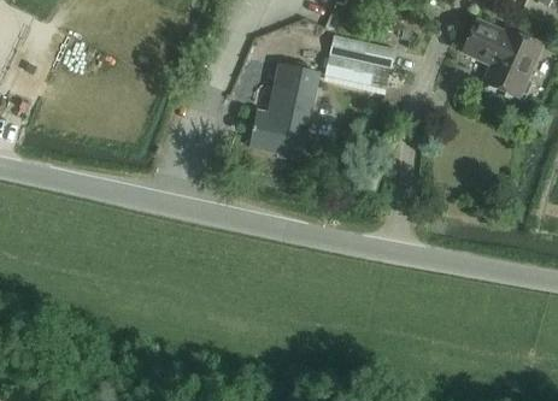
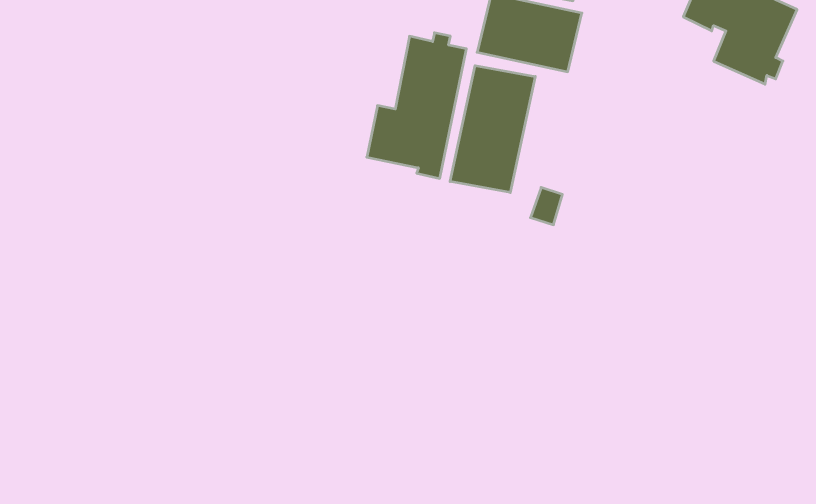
building: none -> [450,66,535,193]

